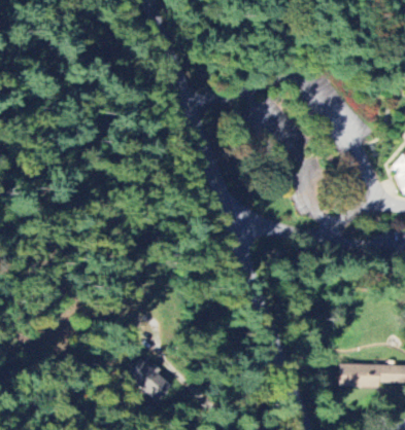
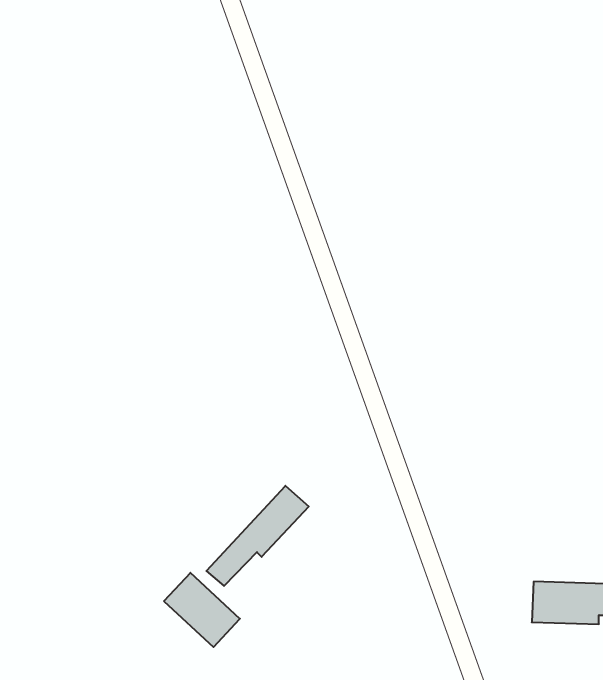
building: none -> [206,486,309,586]

